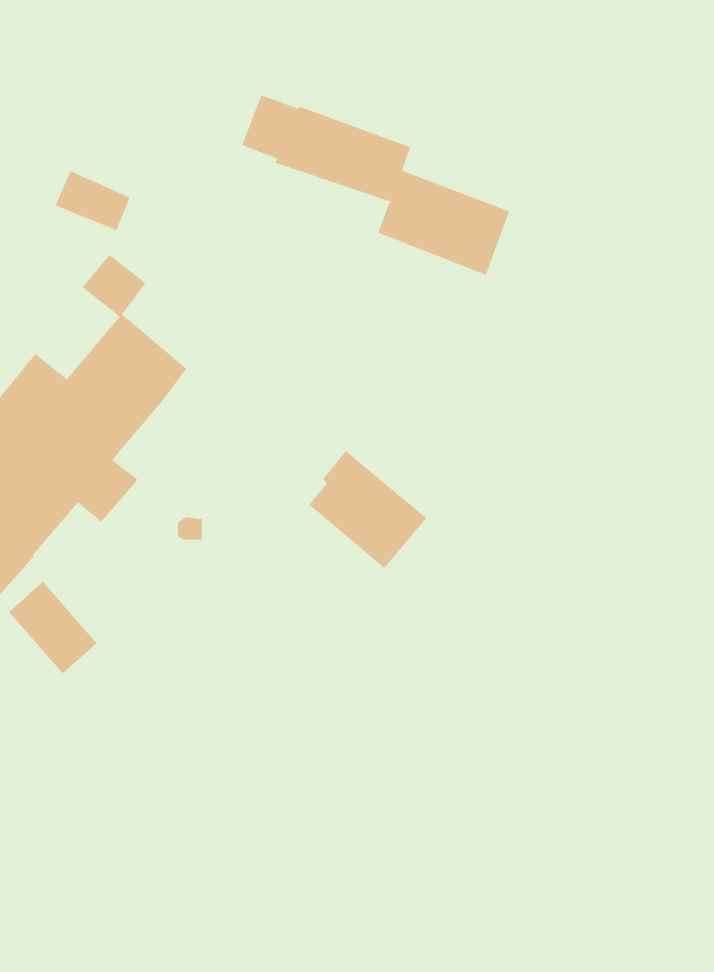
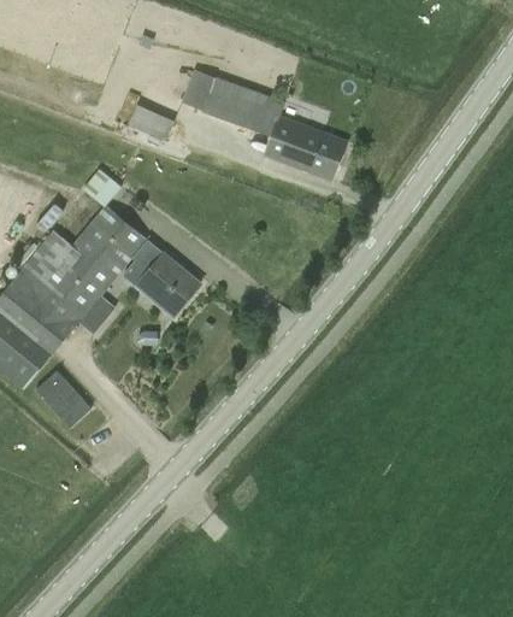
building: [55,170,130,231] -> [126,104,173,141]
building: [309,450,427,569] -> [125,242,199,316]

